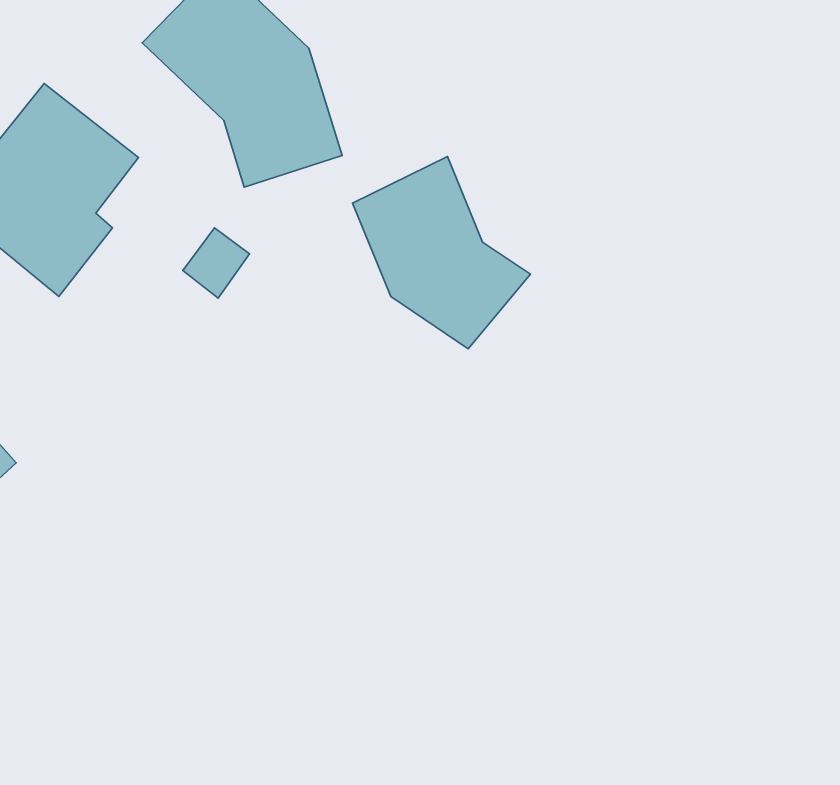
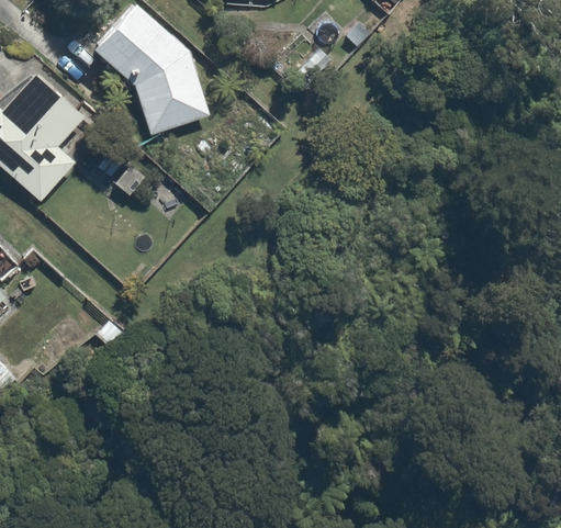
building: [352,156,530,349] -> none

